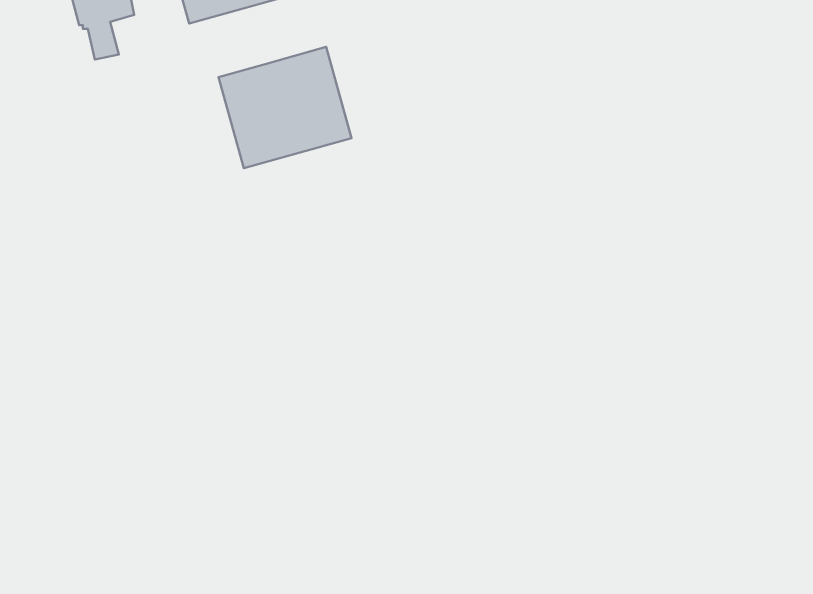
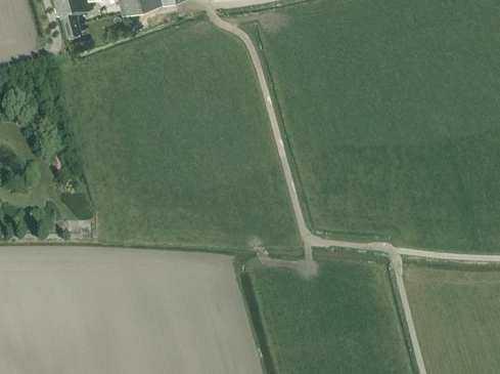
building: [218,47,352,168] -> none

